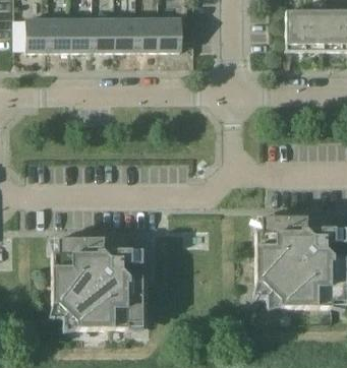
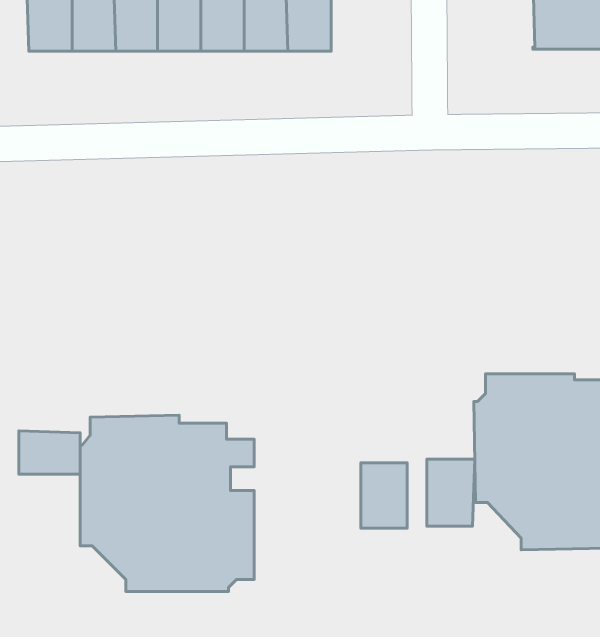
building: none -> [19,431,80,474]
building: none -> [427,459,475,526]
building: none -> [361,463,407,528]

